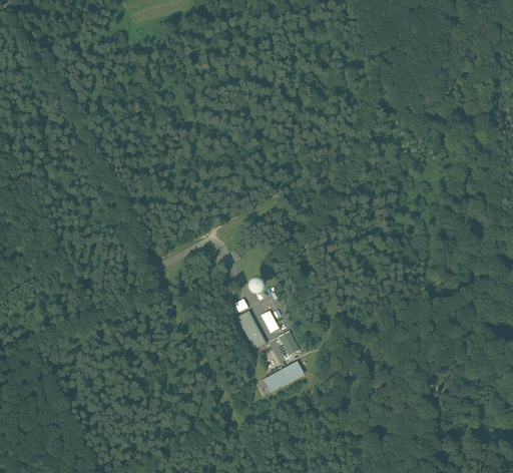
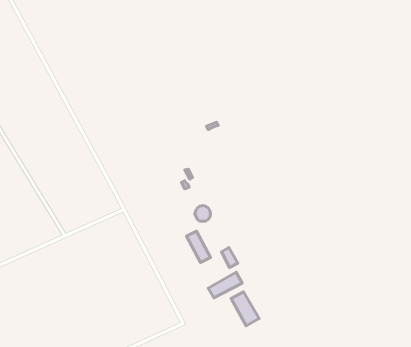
building: none -> [231,292,259,326]

